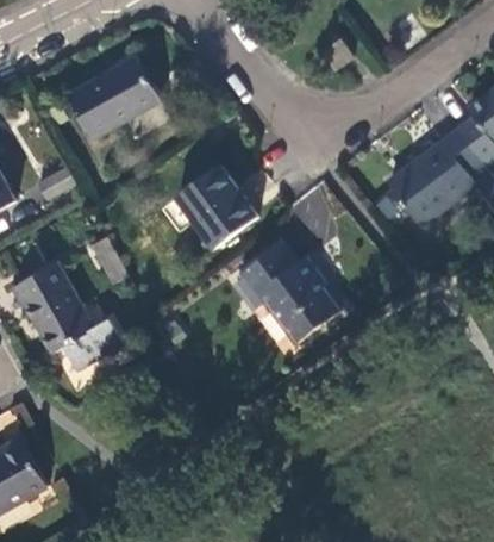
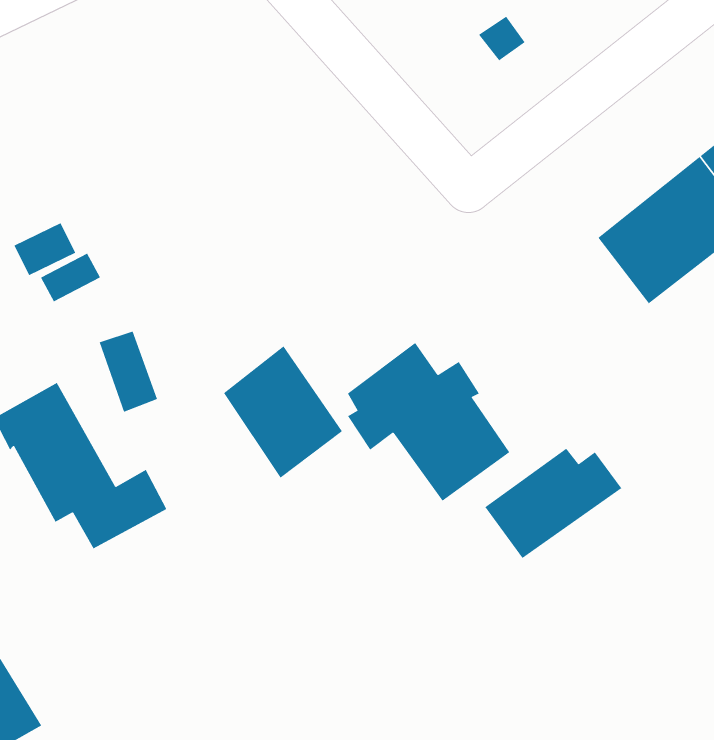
building: [65,61,160,147] -> none
building: [177,163,252,247] -> [223,346,343,478]
building: none -> [485,448,622,559]

